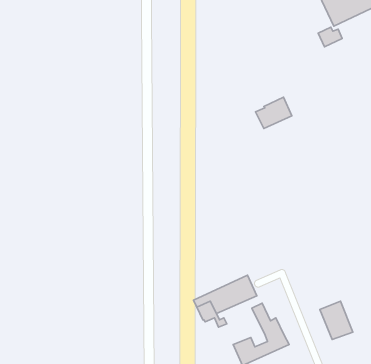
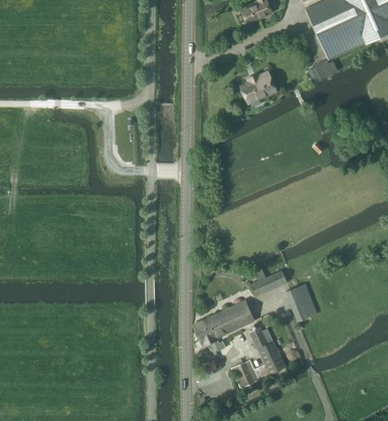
building: [255,97,292,128] -> [240,72,275,102]
building: none -> [250,269,286,296]
building: [320,301,353,339] -> [284,284,317,322]

